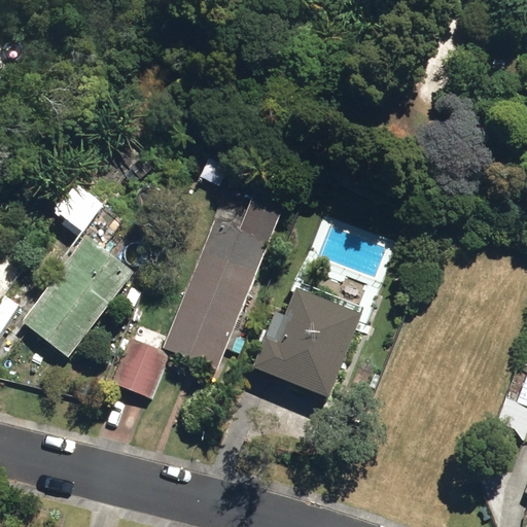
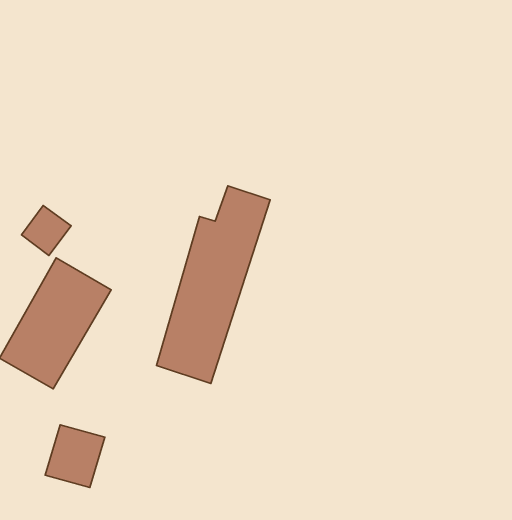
building: [253,294,360,399] -> none
building: [112,338,170,397] -> [45,425,105,488]

